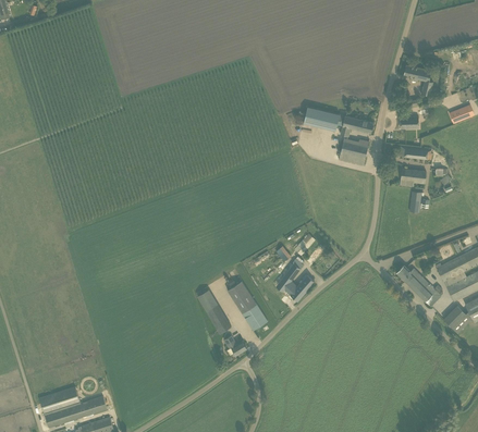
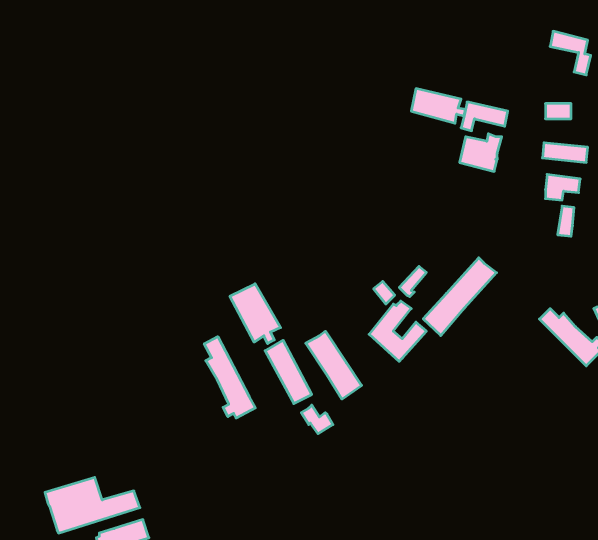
building: none -> [423,258,497,336]
building: none -> [230,284,281,344]
building: none -> [204,337,255,418]

